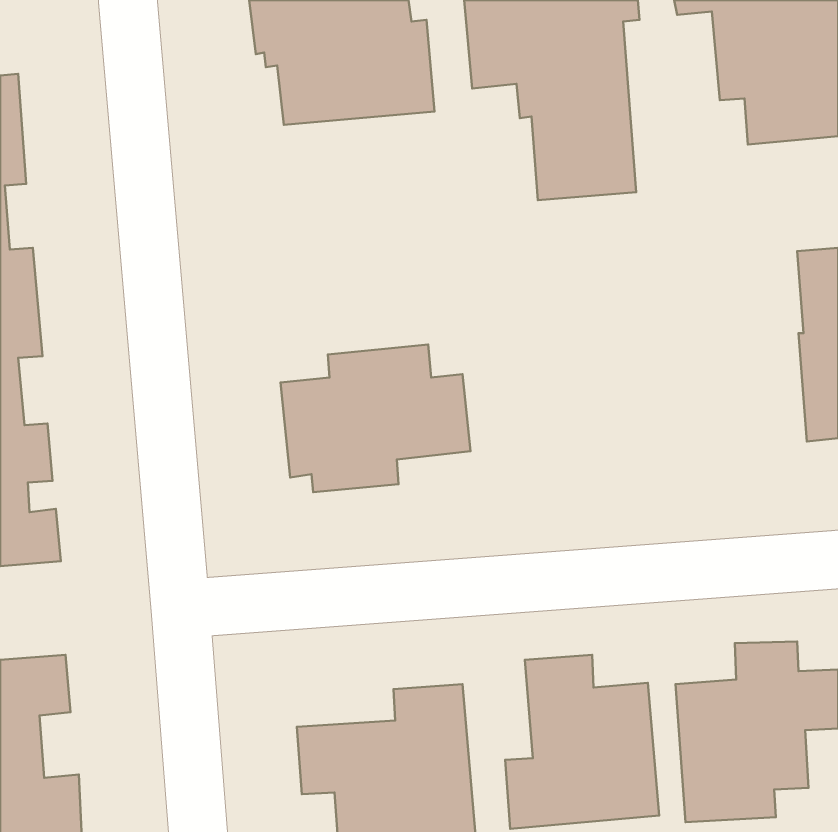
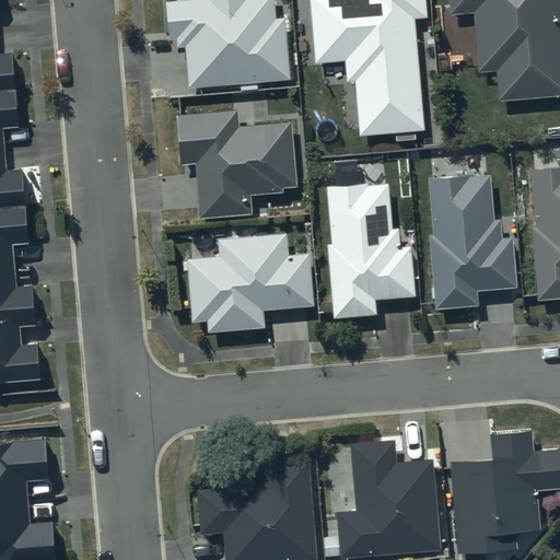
building: none -> [178,110,295,218]
building: none -> [429,174,516,308]
building: none -> [327,184,415,317]

